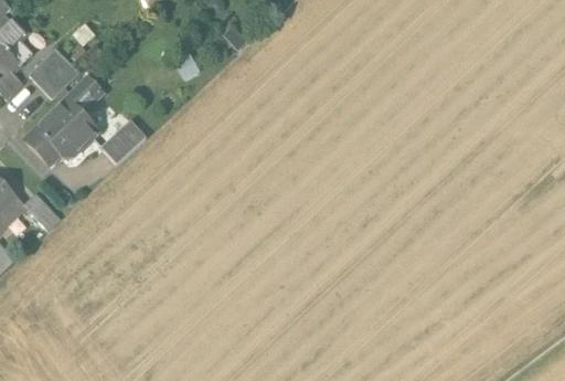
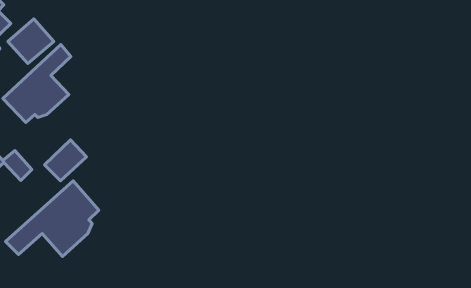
building: [99,119,146,165] -> [44,140,86,181]
building: none -> [6,181,99,257]

